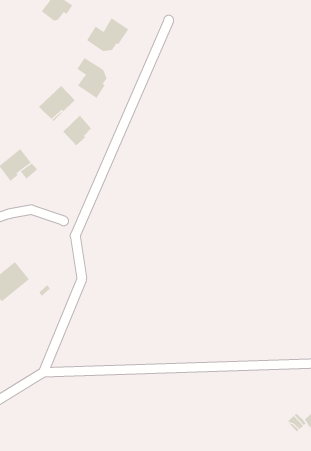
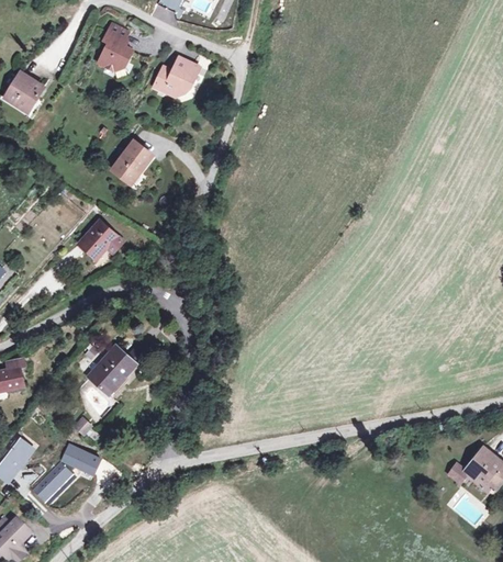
building: [76,57,107,99] -> none
building: [63,115,92,146] -> none

